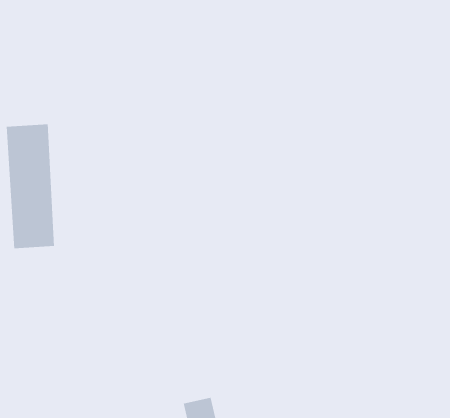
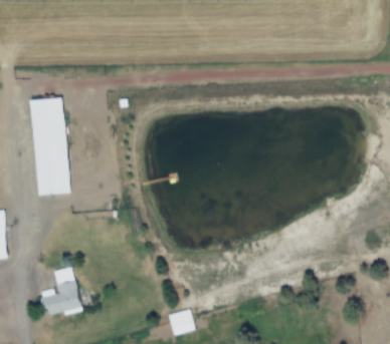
building: none -> [42,267,81,315]

